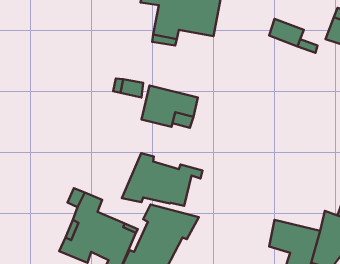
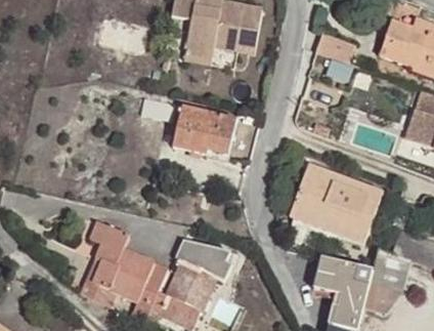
building: none -> [286,155,383,254]
building: [122,153,202,206] -> none

